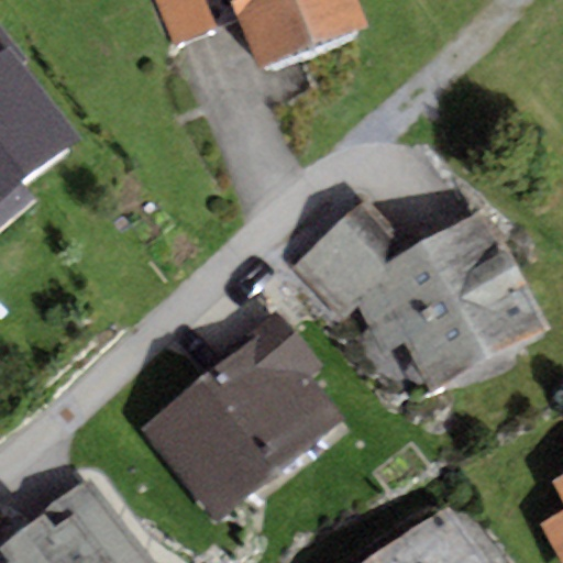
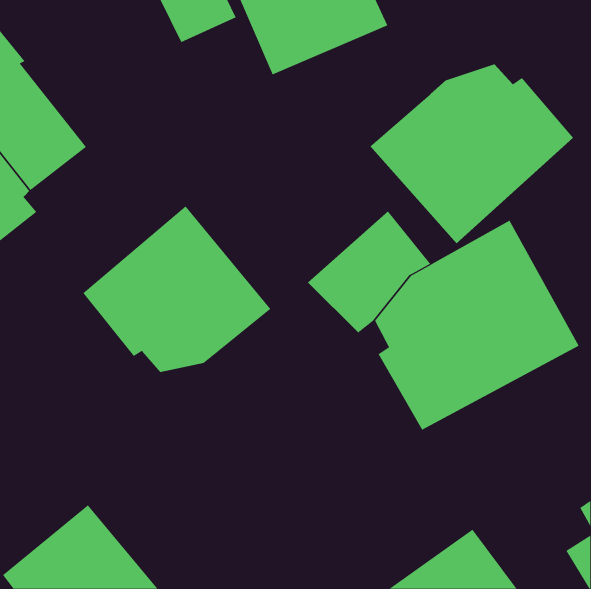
building: none -> [369,64,574,244]
building: none -> [83,206,271,373]
building: [140,314,343,523] -> none

